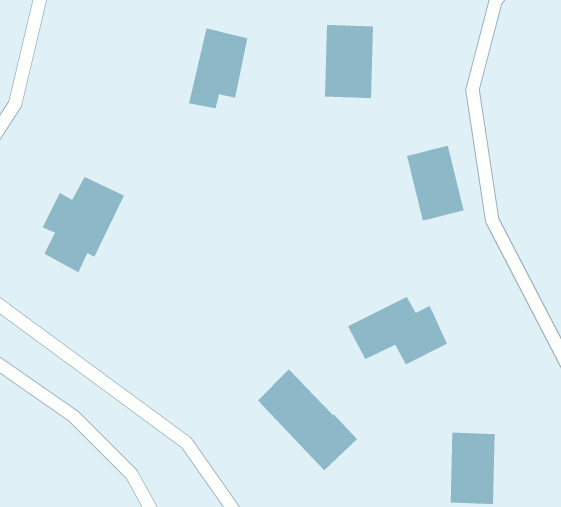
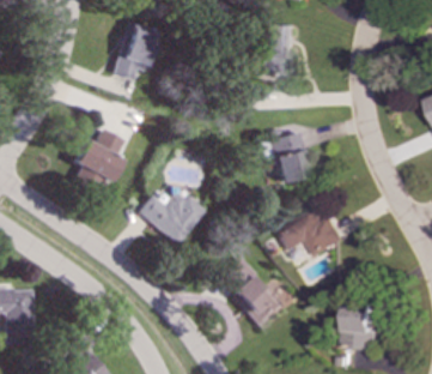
building: [188,28,248,109] -> [115,23,156,78]
building: [406,145,464,221] -> [272,132,311,183]
building: none -> [136,188,206,245]

